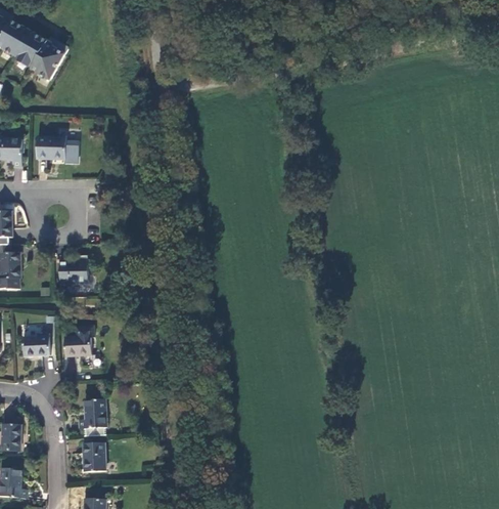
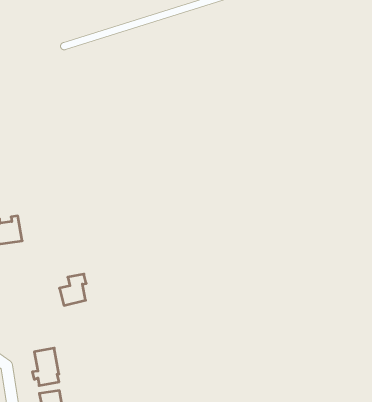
building: [64,326,93,355] -> [59,274,86,305]

